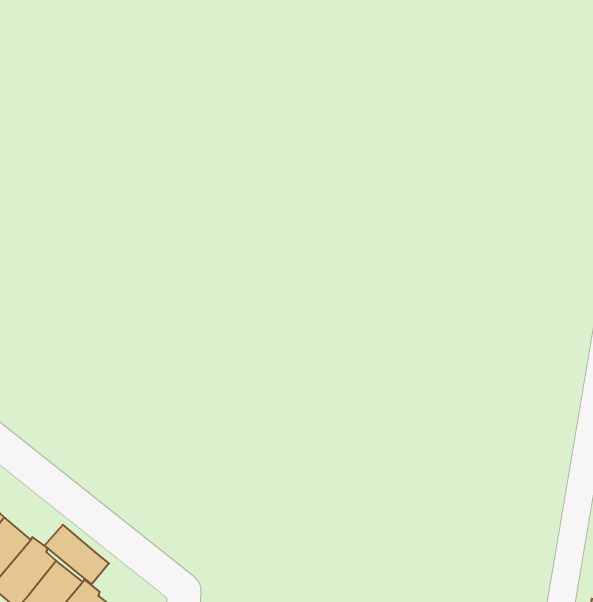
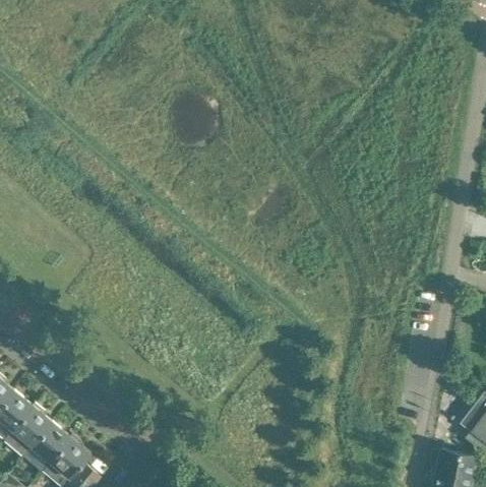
building: [44,525,109,584] -> none

